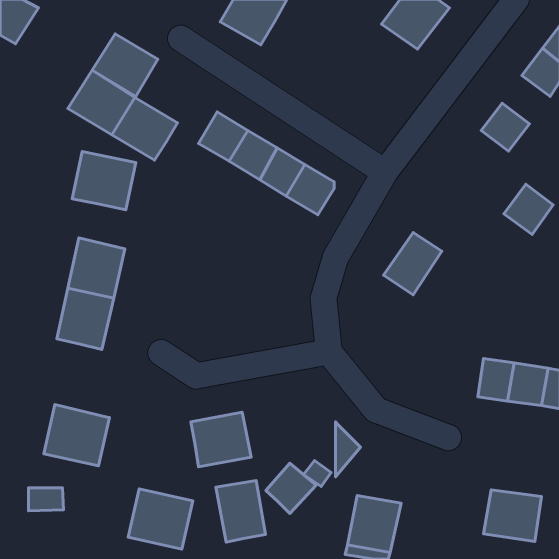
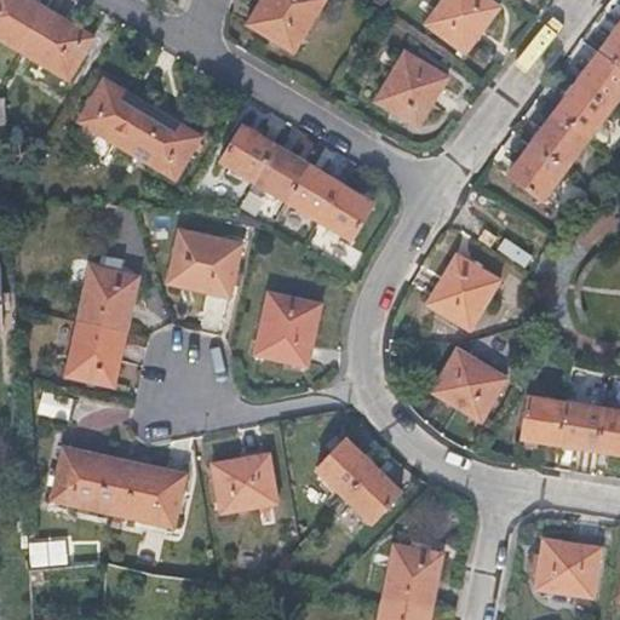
building: [92,34,158,96] -> [18,8,91,78]
building: none -> [371,54,446,131]
building: none -> [556,84,609,137]
building: [72,152,136,210] -> [170,230,240,294]
building: [504,184,553,235] -> [509,144,563,200]
building: none -> [253,292,322,364]
building: none -> [438,350,511,421]
building: [266,463,316,514] -> [316,443,372,499]
building: [216,481,265,542] -> none
building: [128,489,193,549] -> [110,461,182,528]

